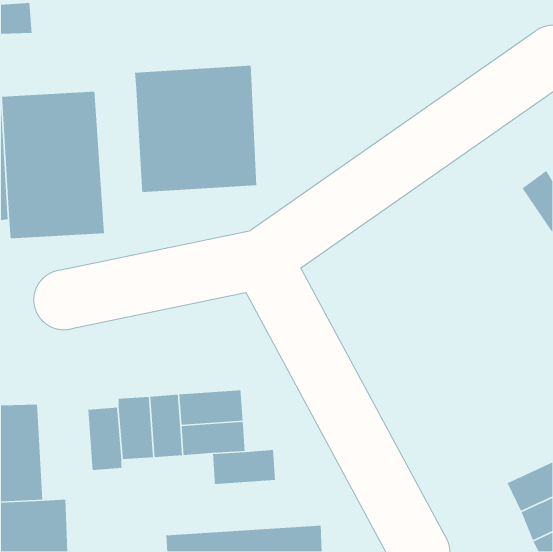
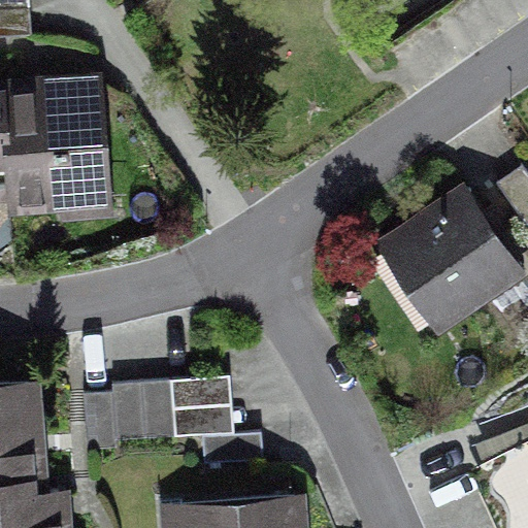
building: [134,65,257,193] -> none
building: none -> [377,195,517,336]

